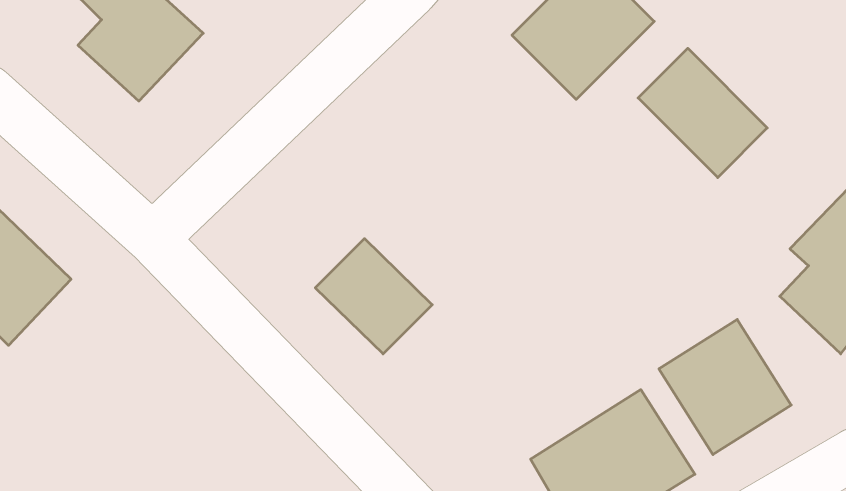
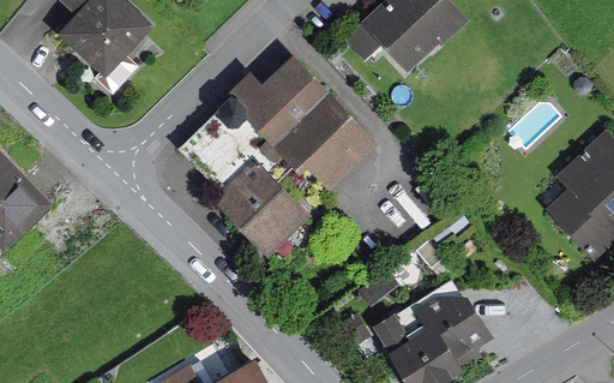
building: [638,48,767,178] -> none
building: none -> [180,61,369,191]
building: [659,319,791,455] -> none

